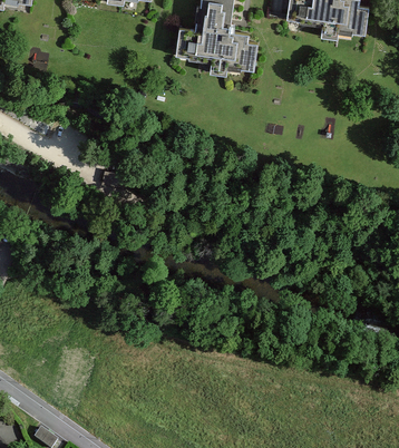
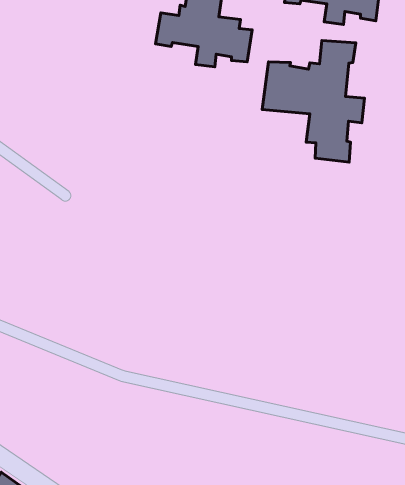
building: none -> [262,40,365,162]

